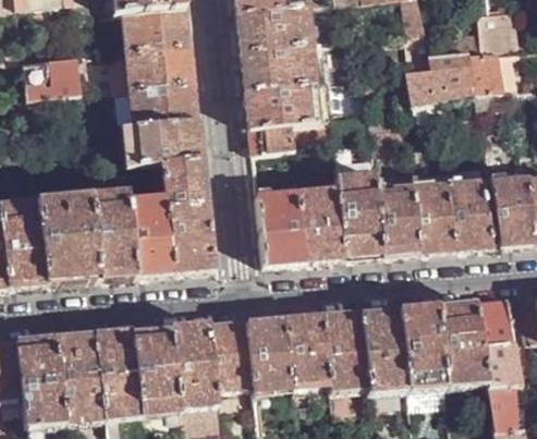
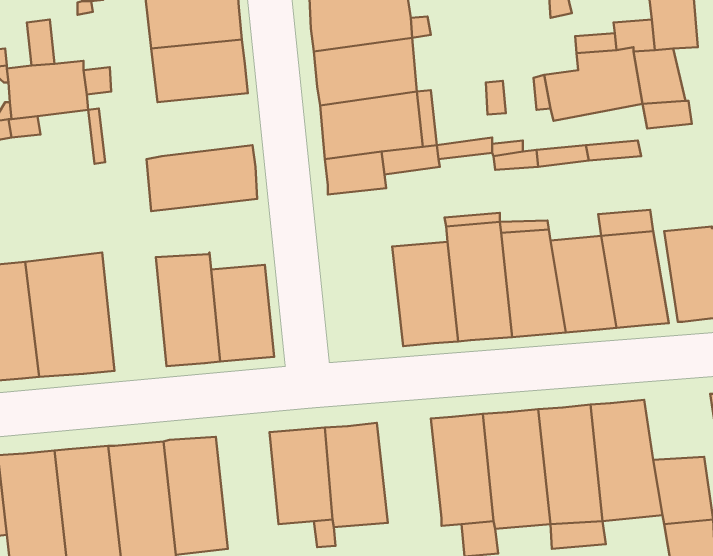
building: [131,82,198,126] -> none
building: [163,157,207,207] -> none
building: [256,191,305,265] -> none
building: [91,192,137,279] -> none
building: [476,296,518,342] -> none
building: [286,313,332,387] -> none
building: [172,322,219,405] -> none

